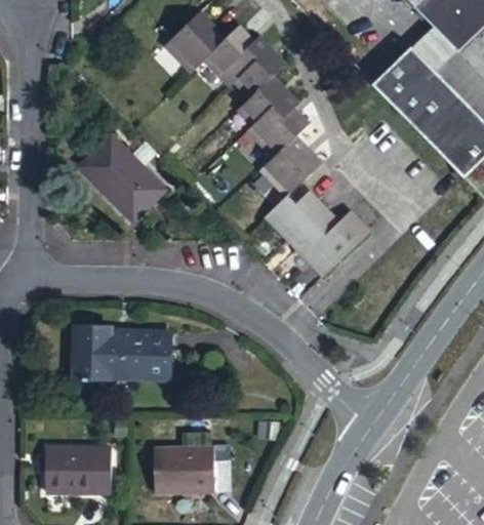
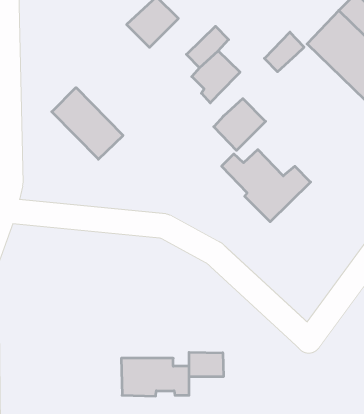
building: [203,37,267,96] -> none
building: [260,117,307,163] -> [264,32,304,72]
building: [66,324,169,378] -> none
building: none -> [189,352,223,377]
building: [45,448,110,490] -> none

